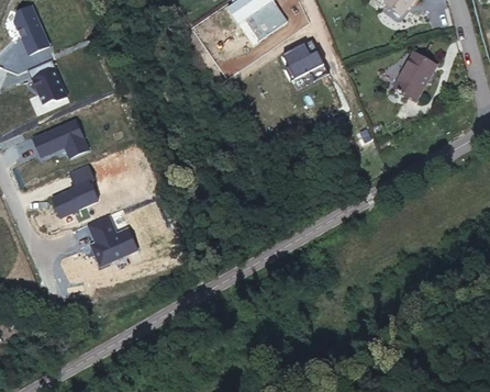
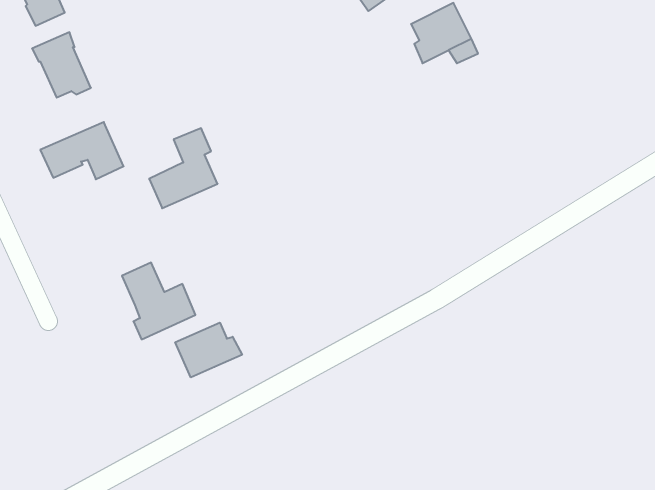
building: [393,52,435,100] -> none
building: [52,164,98,217] -> [149,128,218,208]
building: none -> [175,323,242,377]

